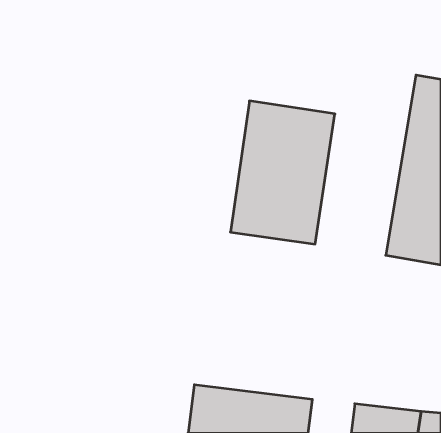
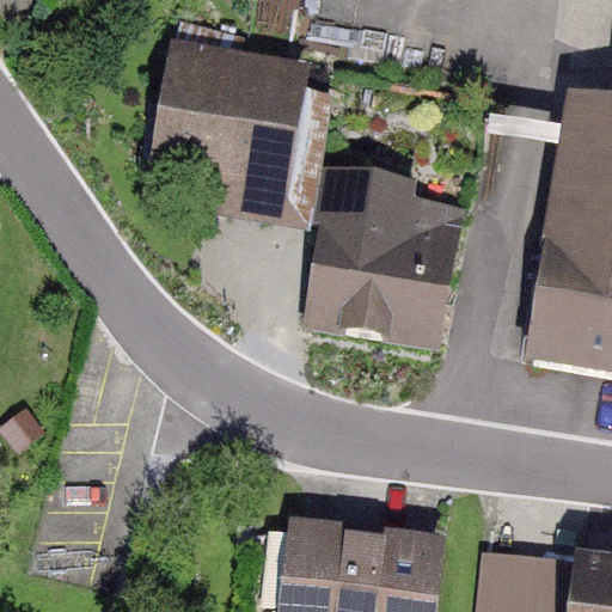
building: none -> [163,68,298,189]

